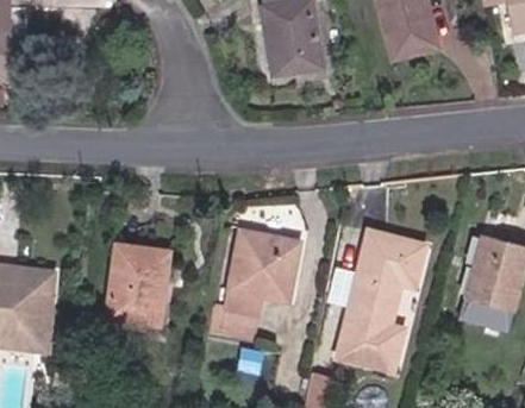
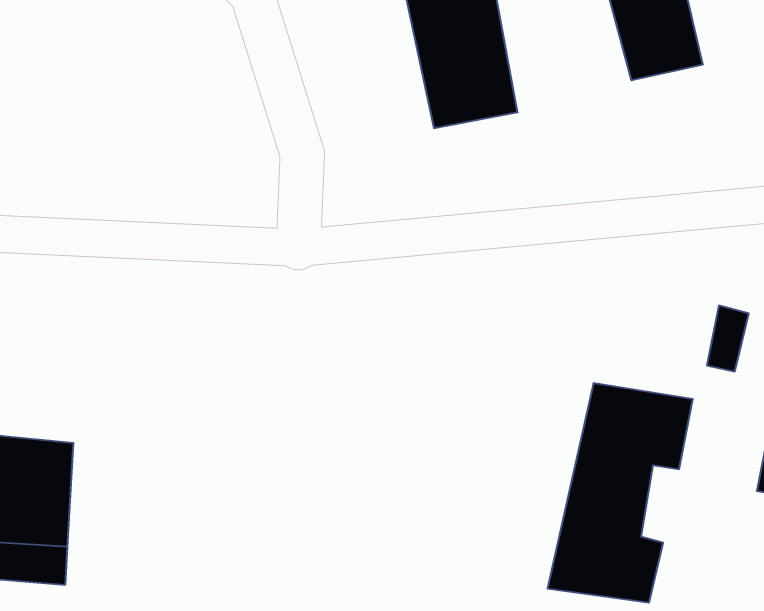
building: [224,240,301,341] -> none
building: [107,251,170,328] -> none

